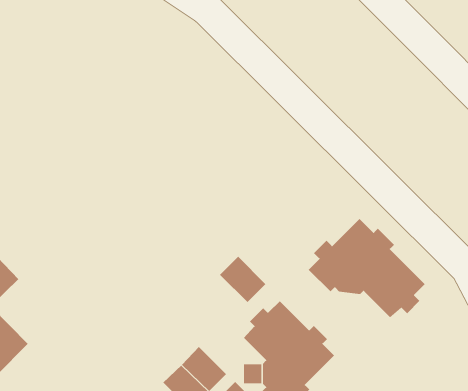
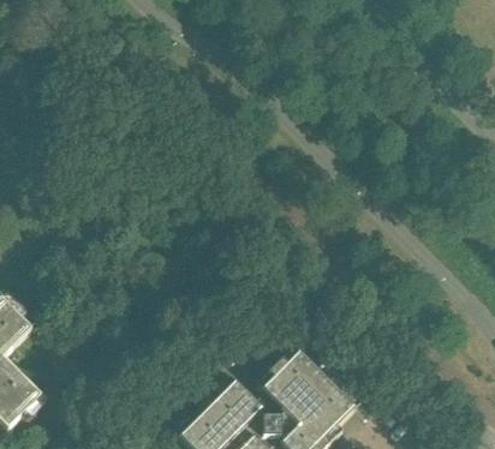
building: [308,218,426,318] -> none
building: [219,256,266,303] -> [216,377,264,425]

